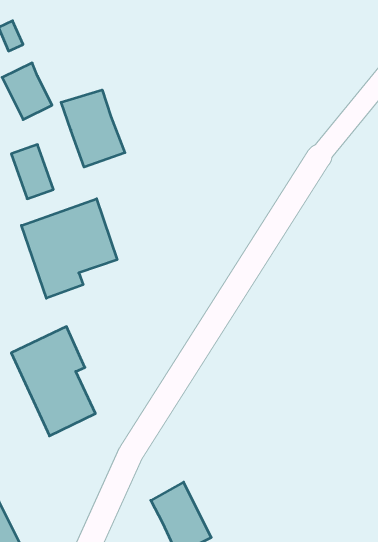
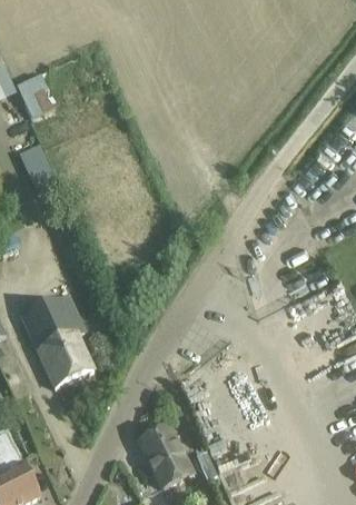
building: [61,90,125,167] -> none
building: [21,199,117,298] -> none

